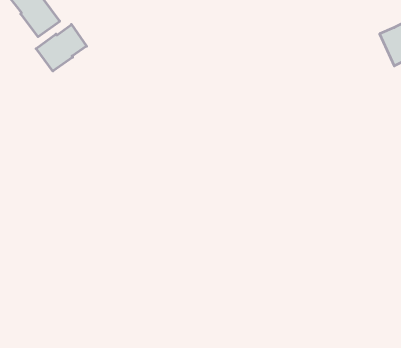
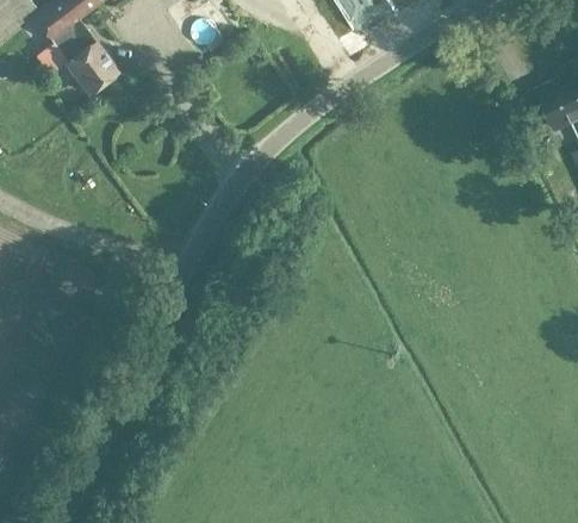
building: [36,24,87,71] -> none

